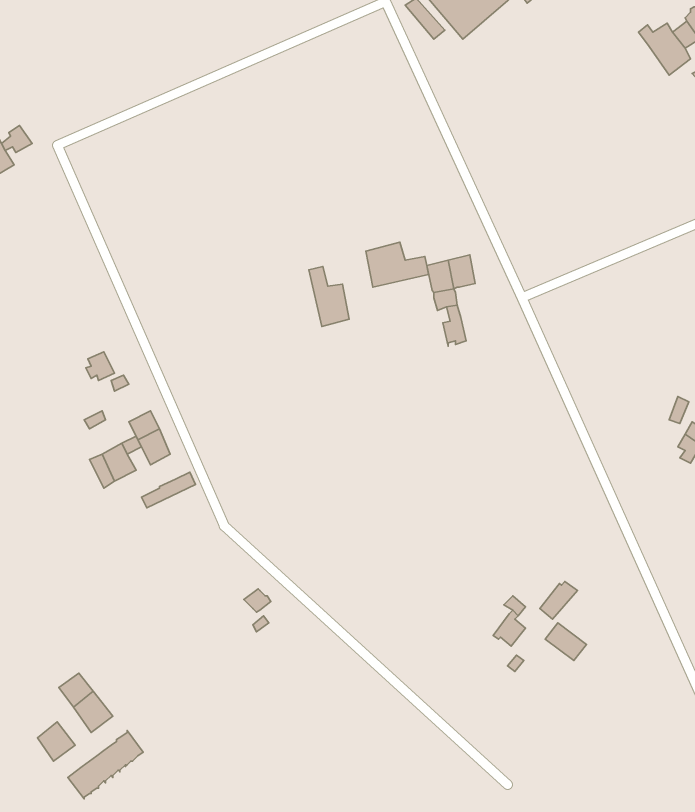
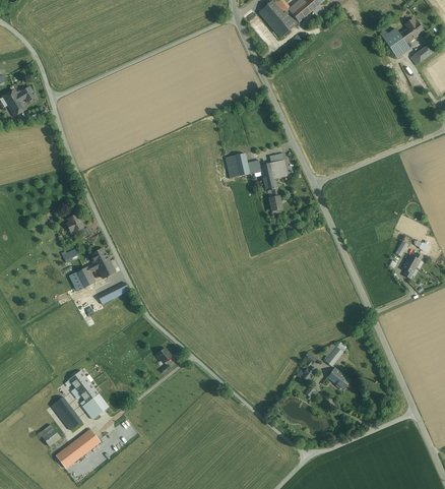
building: [309,266,349,326] -> none
building: none -> [68,370,108,419]

